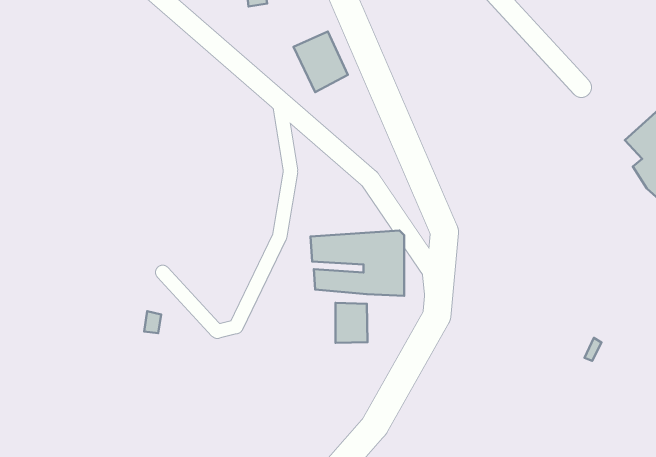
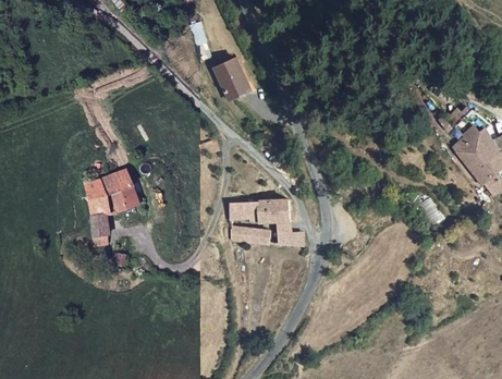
building: none -> [85,173,138,240]
building: [335,303,367,343] -> none

